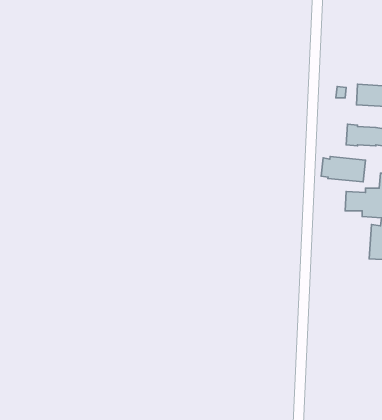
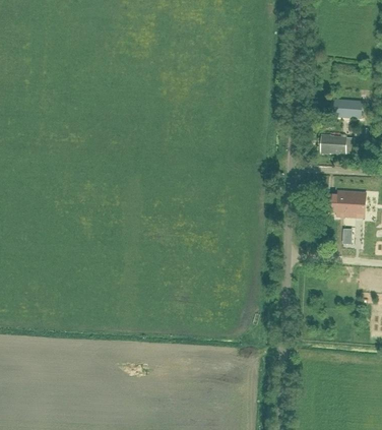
building: [321,157,366,182] -> none

